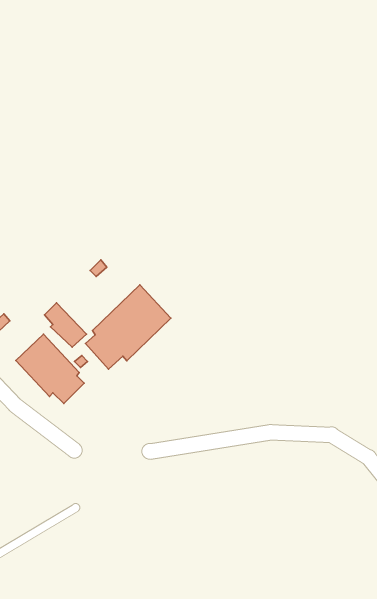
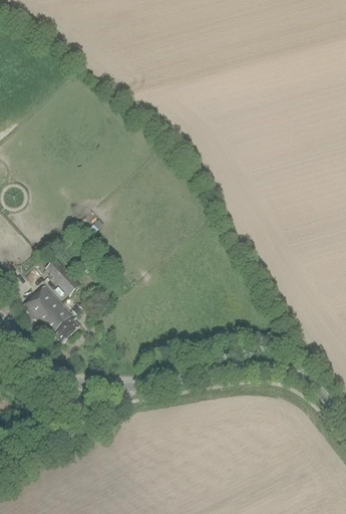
building: [86,285,171,369] -> none

